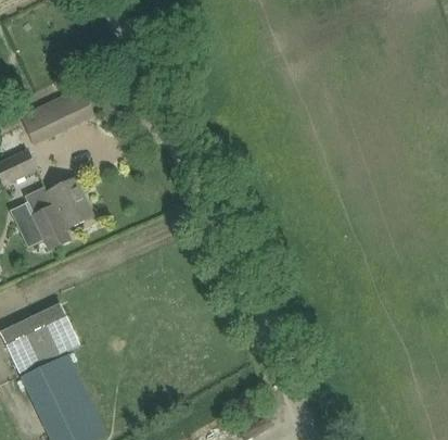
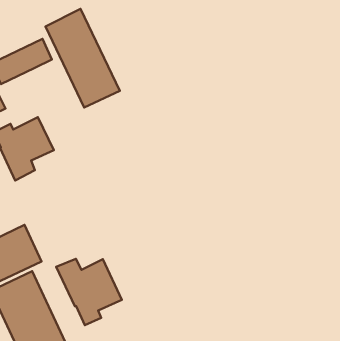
building: none -> [46,9,120,108]
building: none -> [56,259,122,325]

